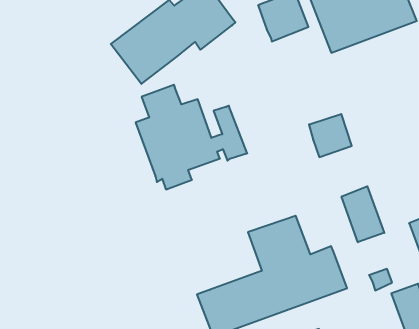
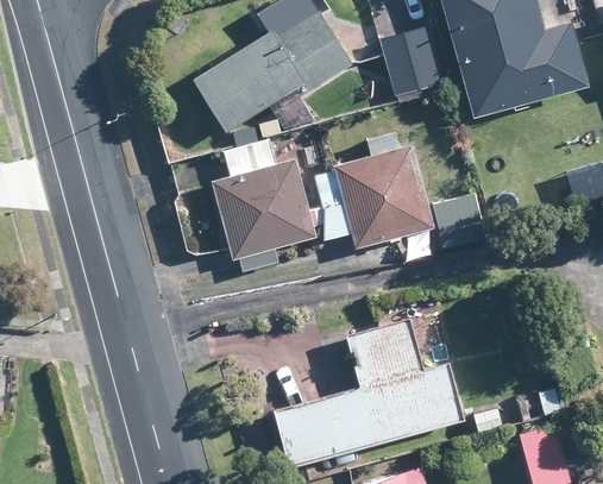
building: none -> [334,133,433,249]
building: [342,186,384,242] -> none

